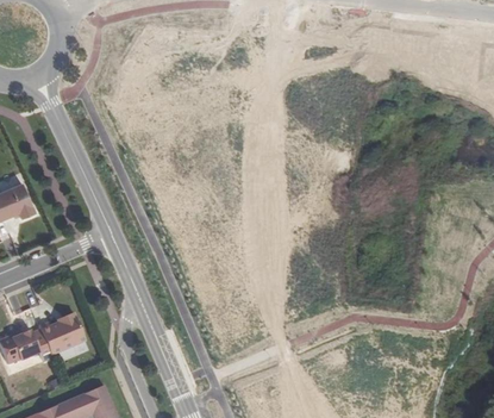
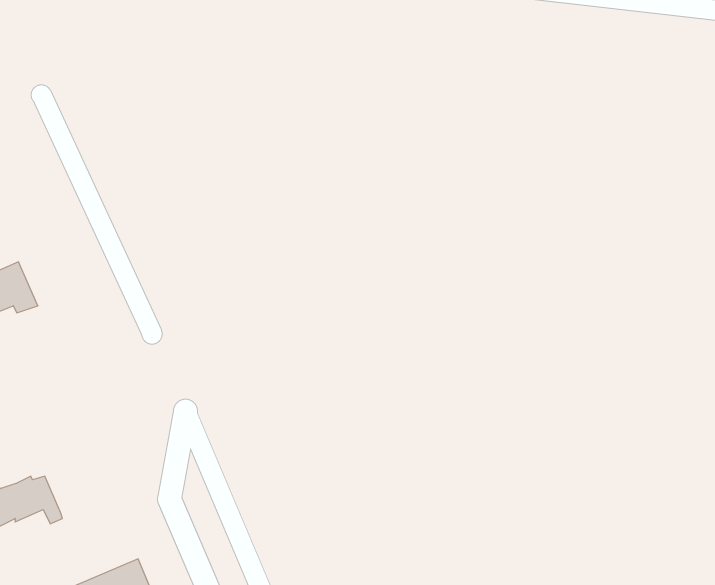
building: [37,312,83,355] -> none

